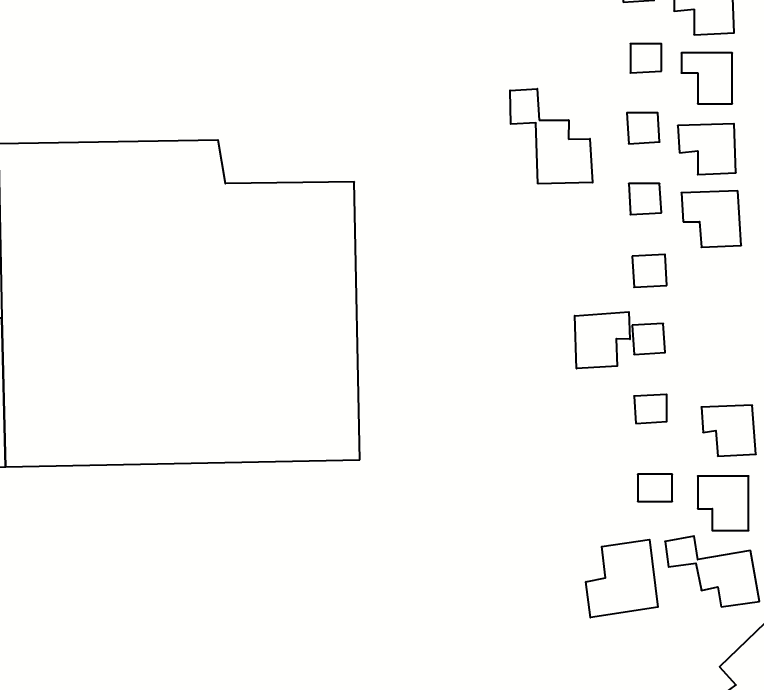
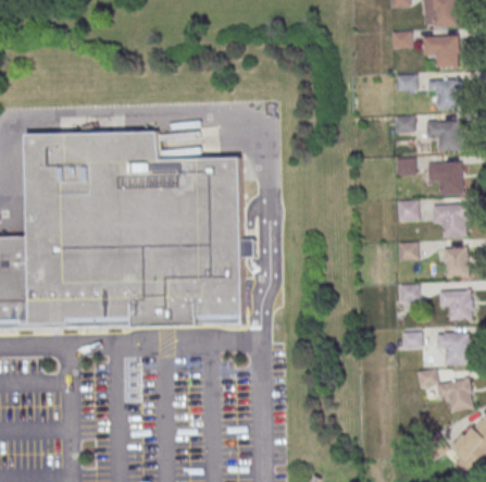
building: [510,89,593,184] -> none
building: none -> [433,203,468,236]
building: [575,312,630,369] -> none
building: none -> [445,247,470,280]
building: [586,540,658,618] -> none

